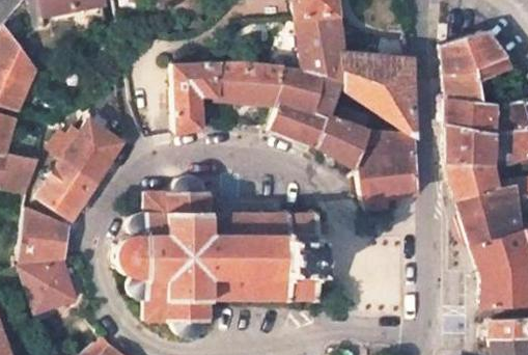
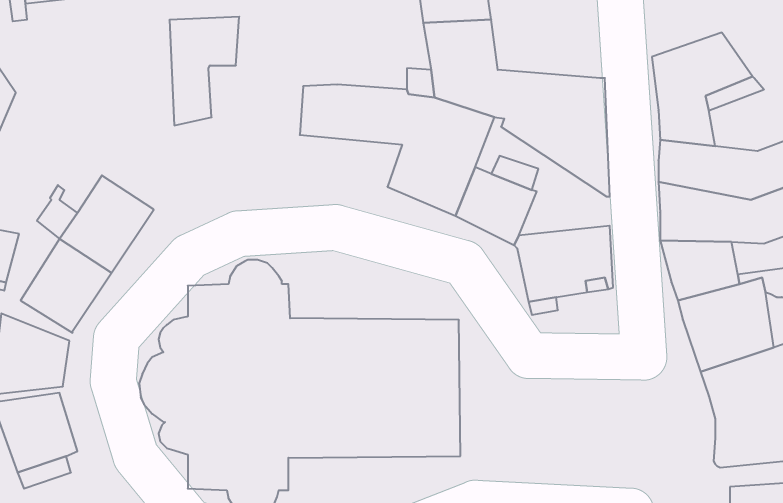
building: [173,64,218,134] -> [169,17,239,125]
building: [356,132,414,160] -> none

